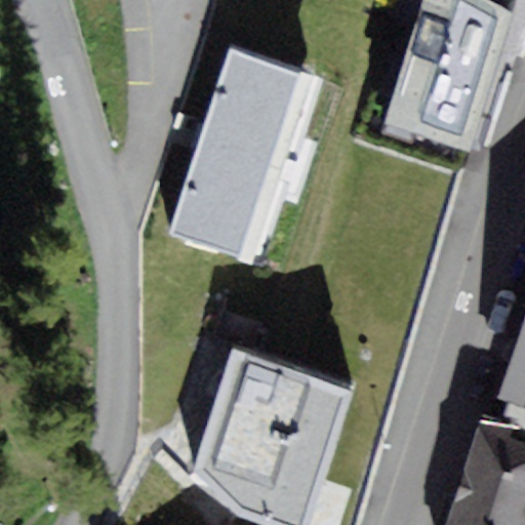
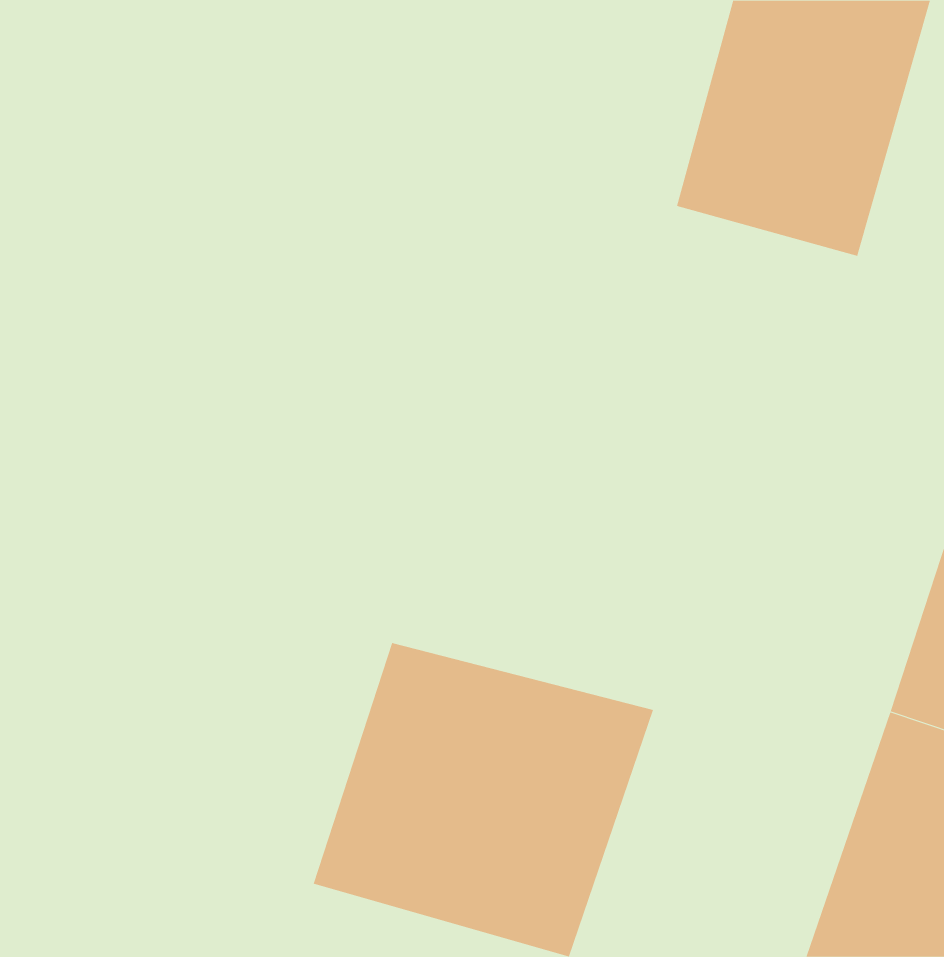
building: [179,52,321,261] -> none

